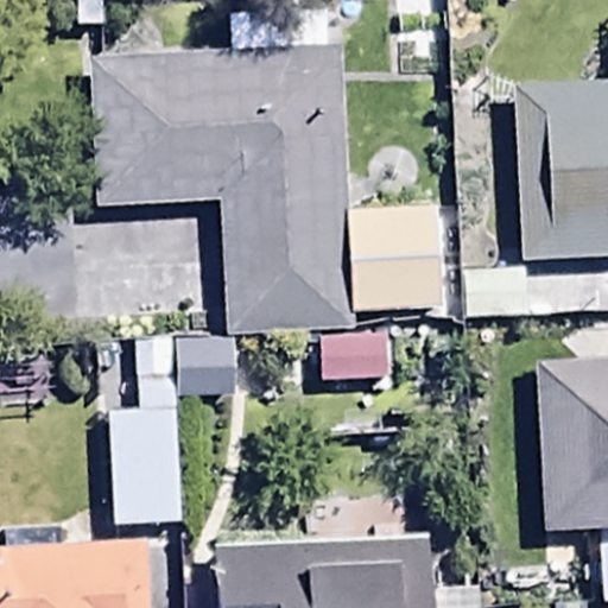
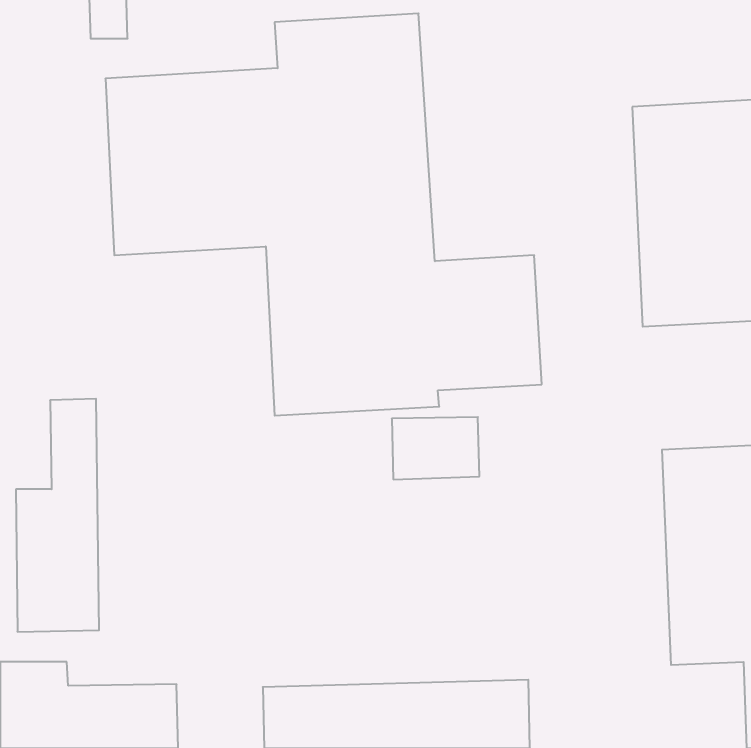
building: [112,340,178,526] -> [16,399,99,632]

